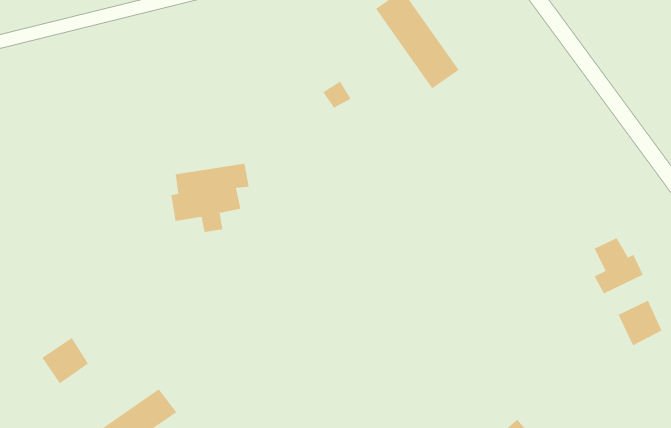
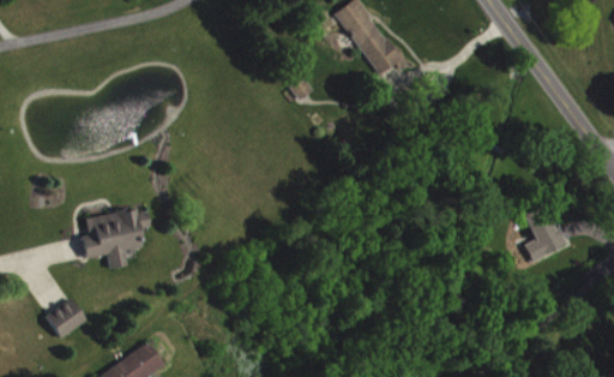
building: [171,163,249,232] -> [82,208,150,268]
building: [618,300,662,346] -> none

